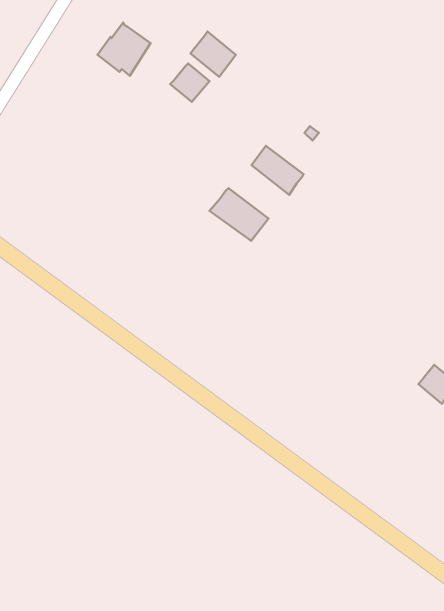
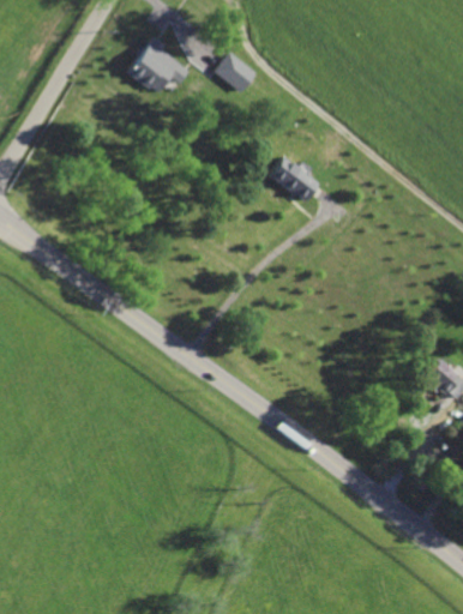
building: [170,64,210,102] -> none
building: [210,188,269,241] -> none

